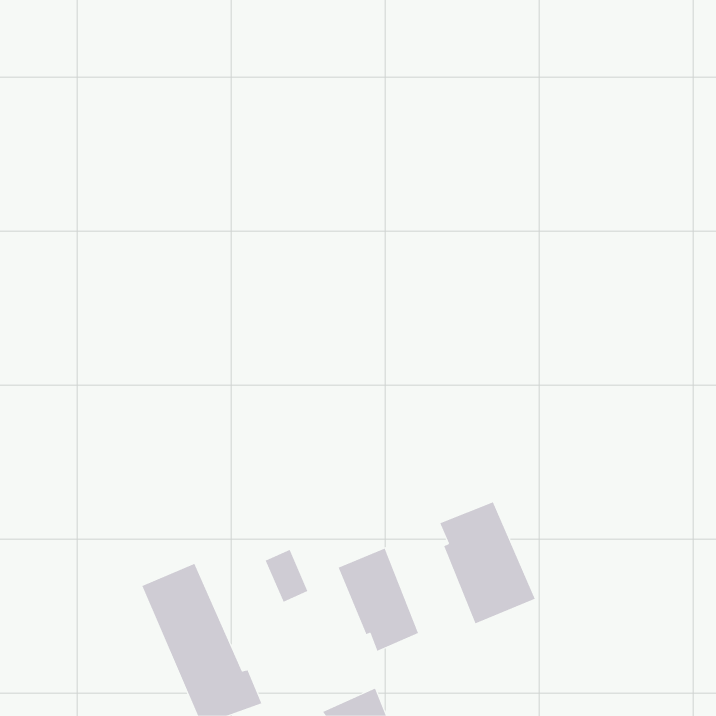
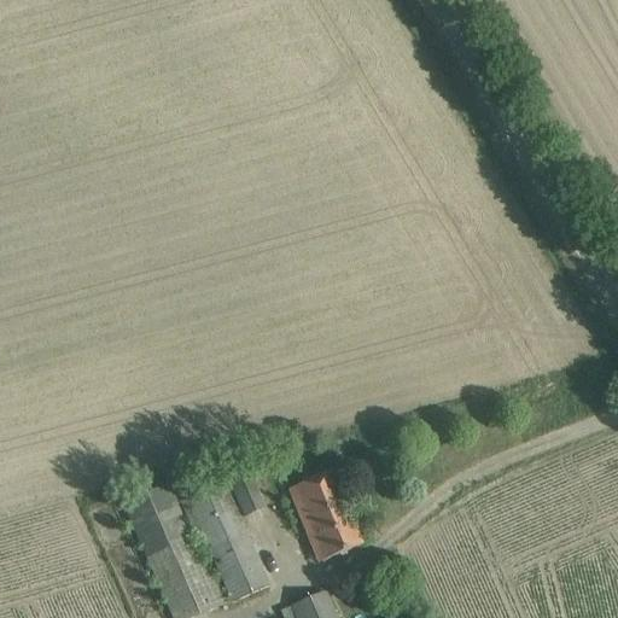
building: [439,502,535,624] -> none
building: none -> [180,485,269,602]

